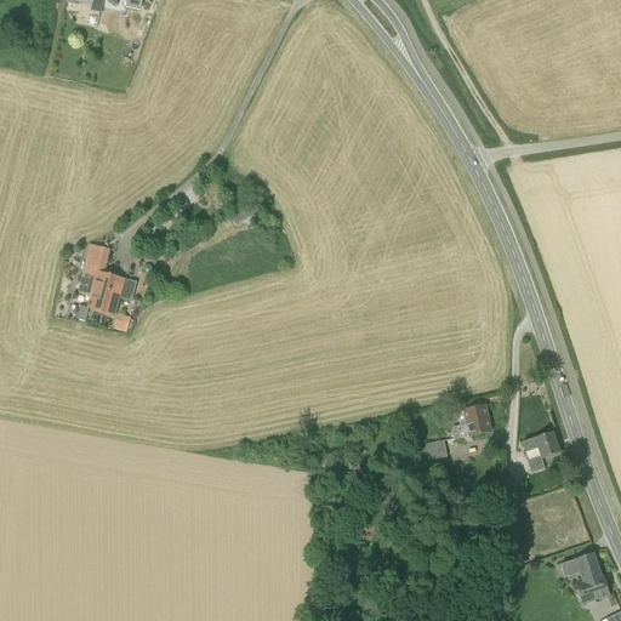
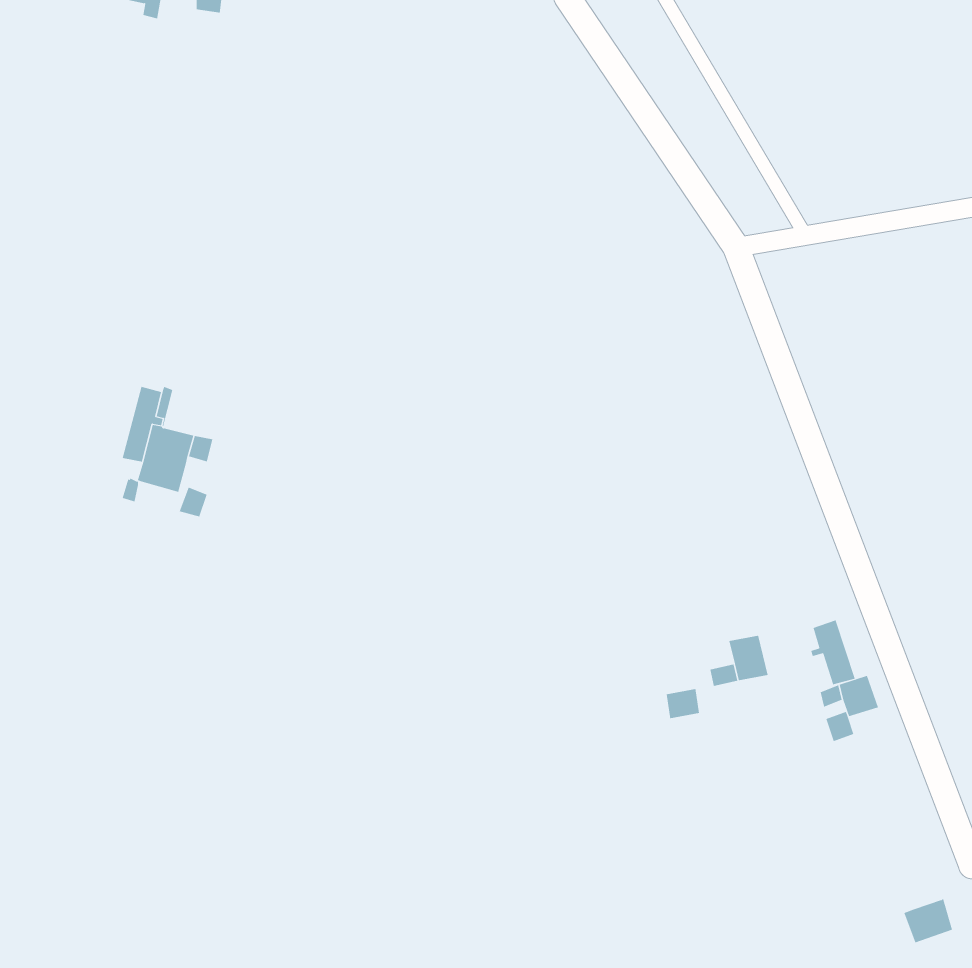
building: none -> [810,620,856,685]
building: [560,552,600,580] -> none

